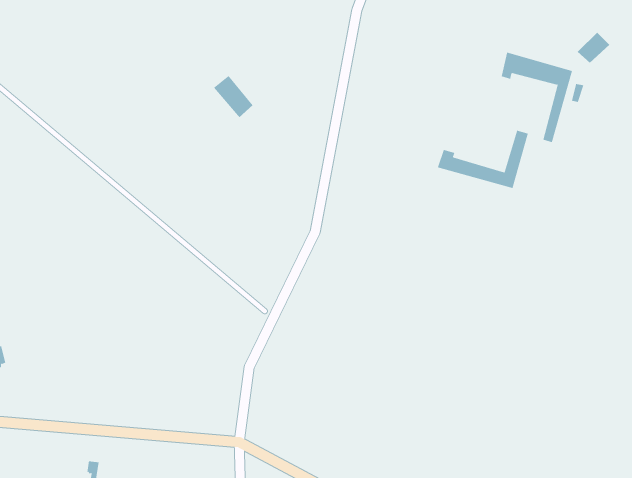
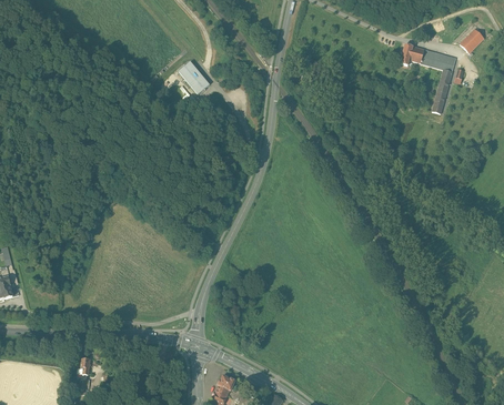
building: [437,130,528,189] -> none

